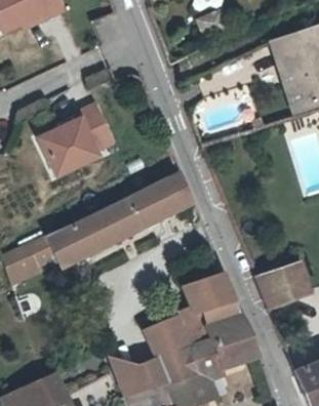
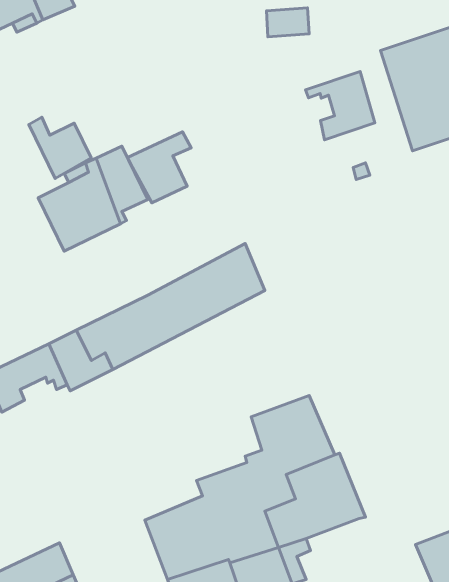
building: none -> [306,71,375,140]
building: none -> [29,117,91,178]
building: none -> [128,132,191,203]
building: [256,260,311,308] -> none

